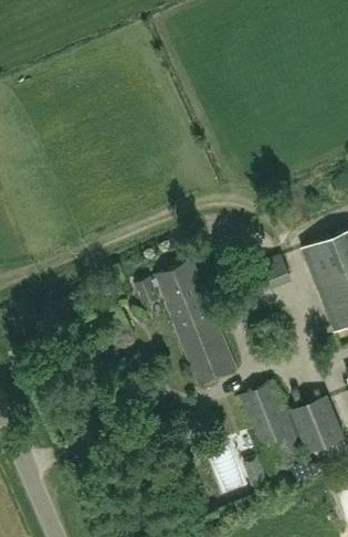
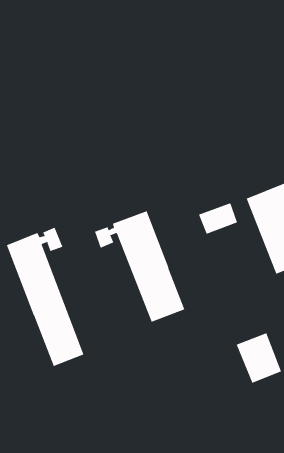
building: none -> [6,227,84,367]
building: [241,387,298,468] -> none

